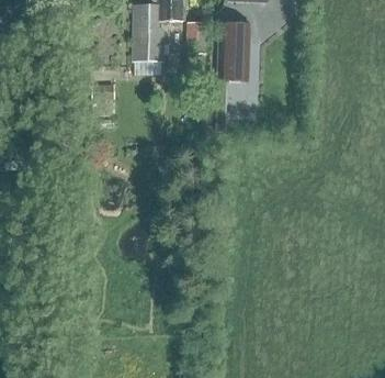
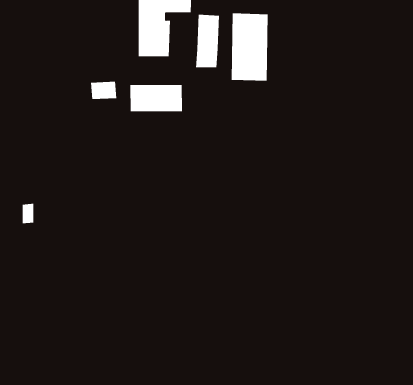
building: none -> [130,84,182,112]

